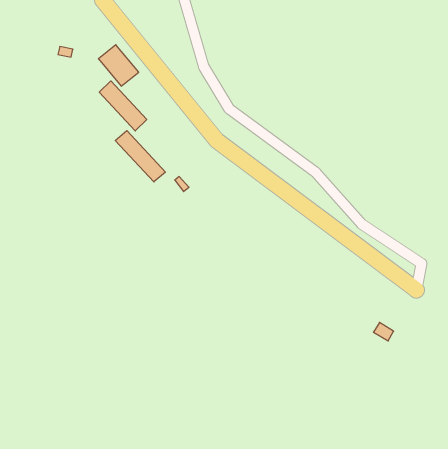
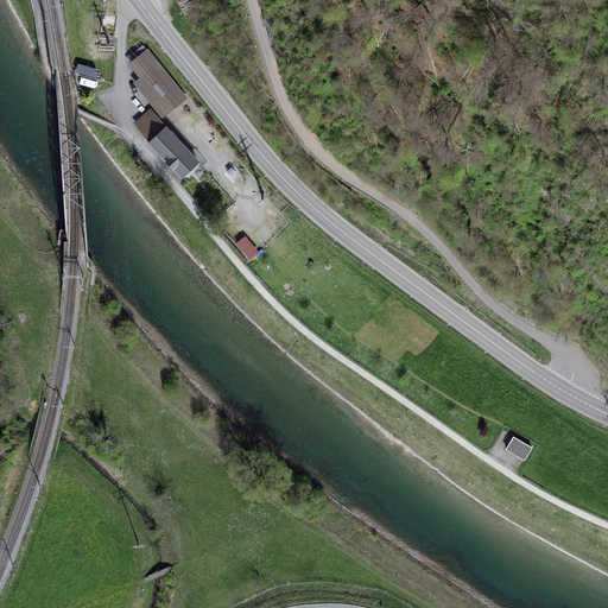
building: [115,131,165,182] -> none

